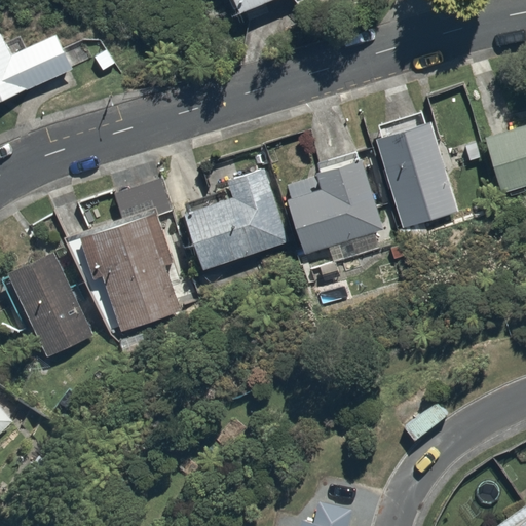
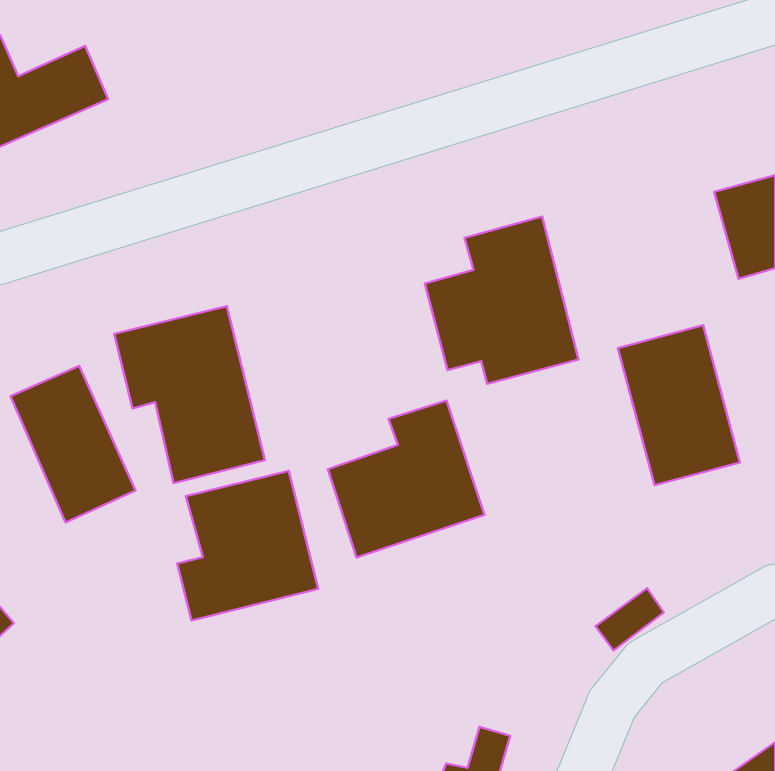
building: [376,123,458,231] -> [618,325,740,485]
building: [184,164,290,270] -> [328,401,485,557]
building: none -> [177,471,318,621]

